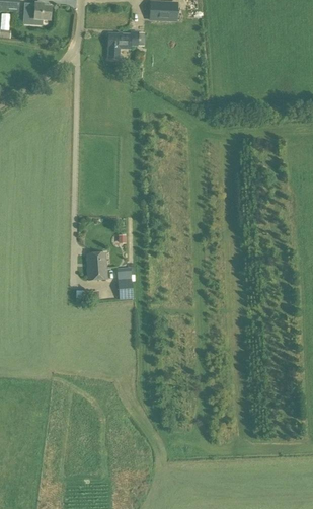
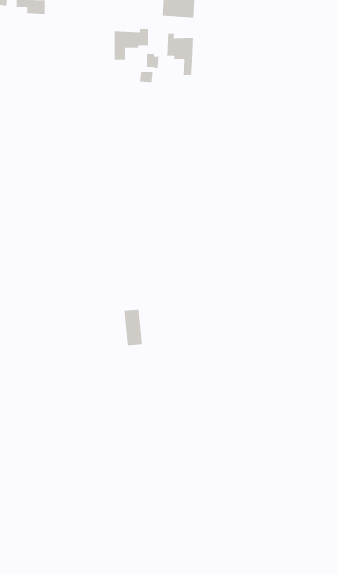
building: none -> [166,33,194,76]
building: [85,251,106,279] -> none

